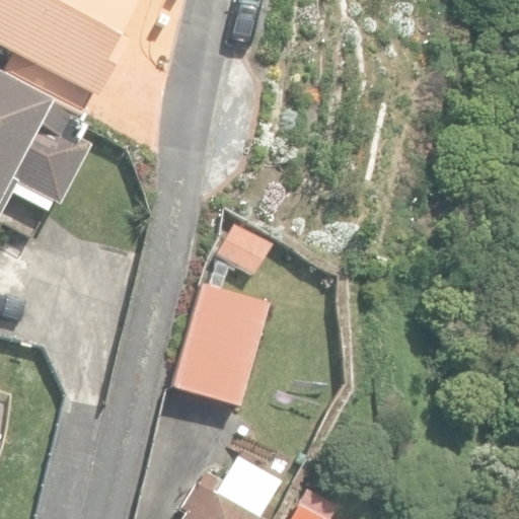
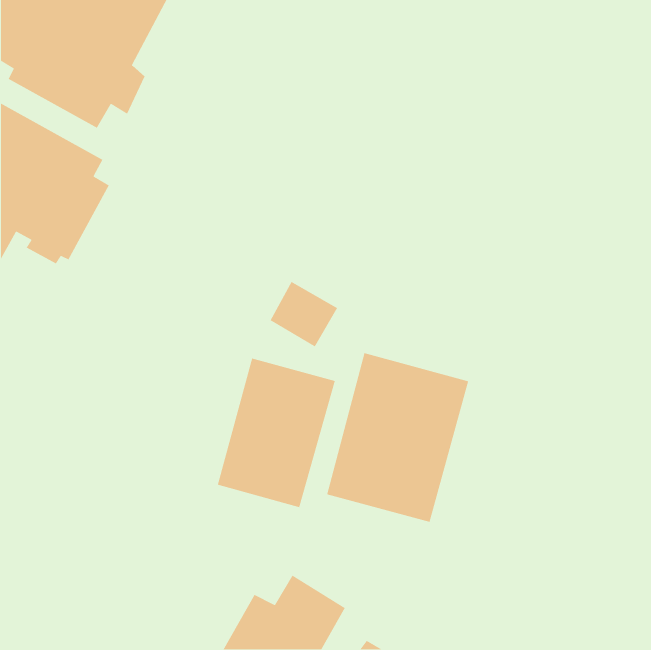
building: none -> [326,352,469,523]

